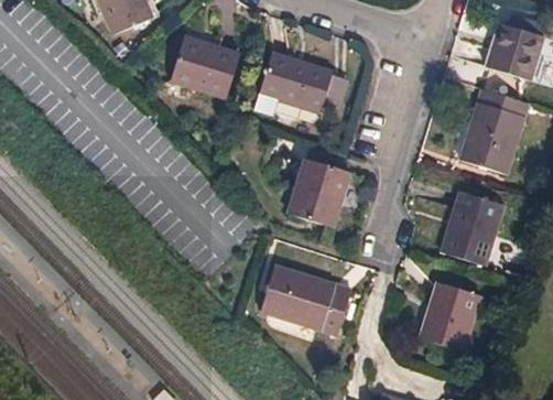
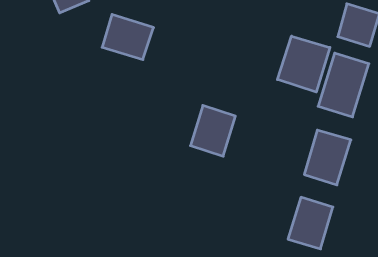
building: [257,53,333,118] -> none
building: none -> [277,36,330,92]
building: [261,266,351,336] -> none

